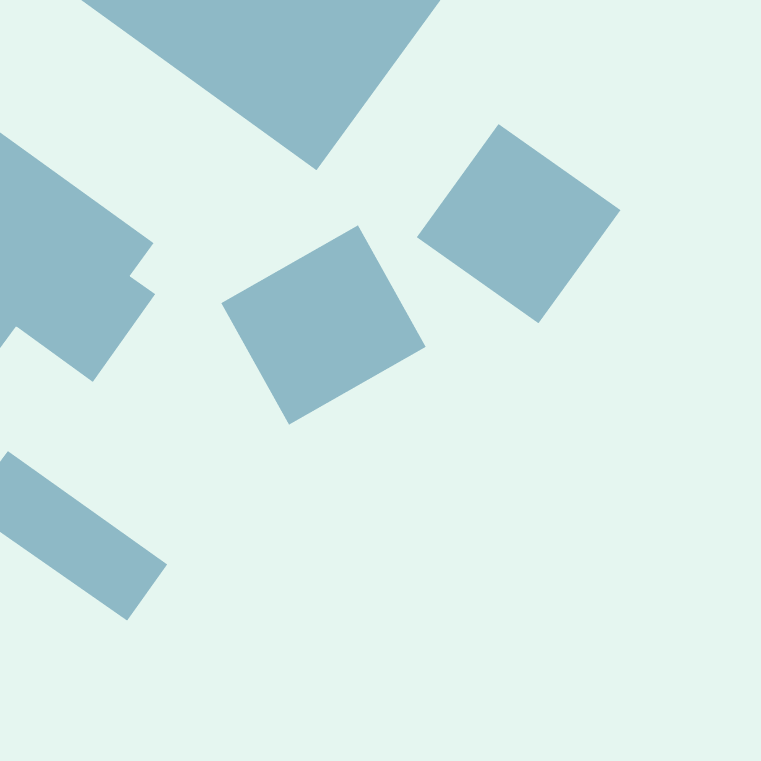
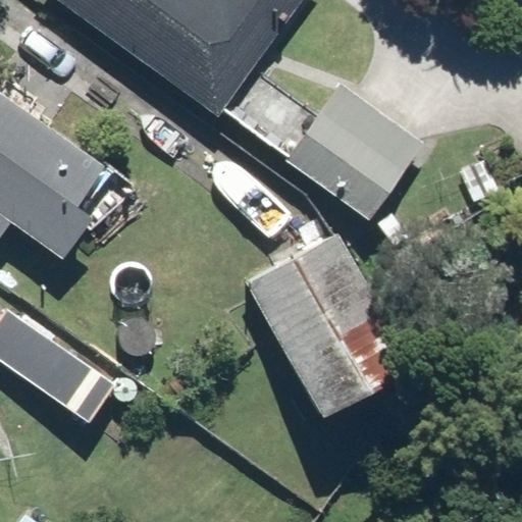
building: [221,224,426,425] -> none
building: none -> [245,228,416,421]

